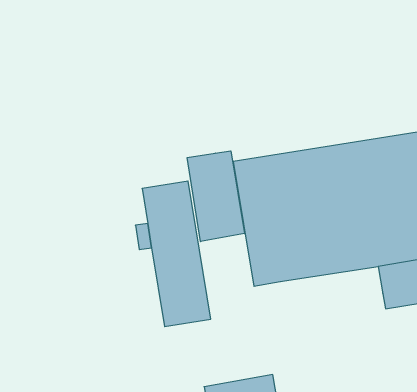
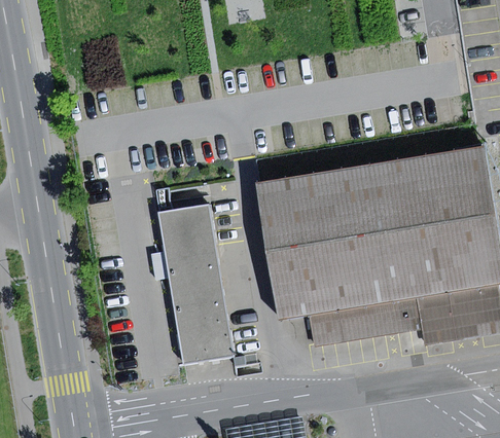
building: [187,151,245,242] -> none
building: none -> [309,297,421,344]

